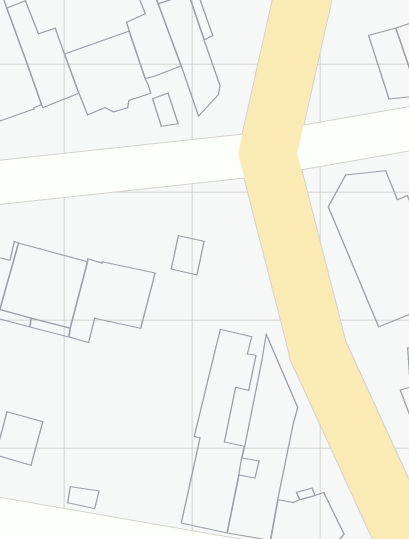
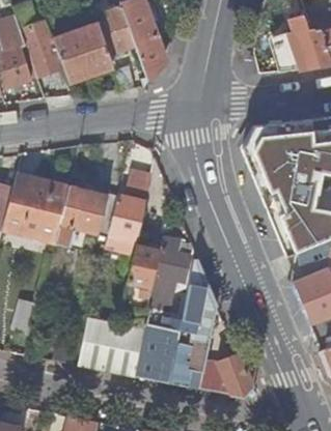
building: none -> [102,197,145,263]
building: none -> [122,245,161,310]
building: none -> [79,317,146,376]

